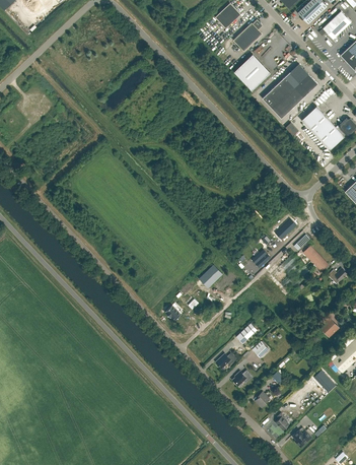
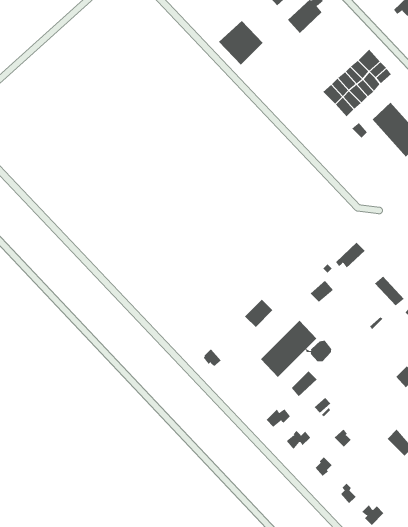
building: [233,54,270,90] -> [218,20,263,66]
building: none -> [260,320,332,378]

